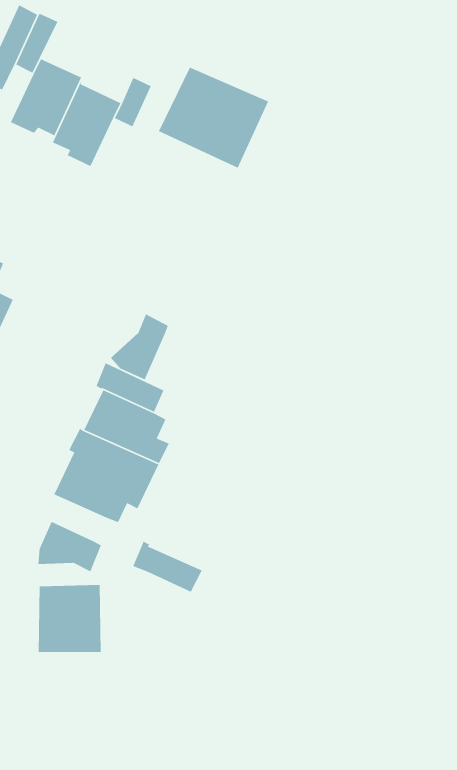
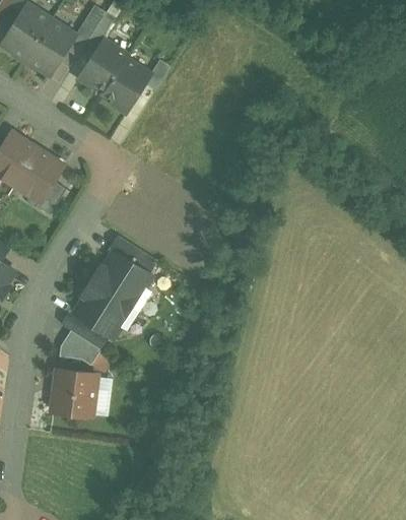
building: [158,66,269,169] -> none
building: [110,313,169,381] -> none
building: [132,540,203,593] -> [62,309,106,345]

